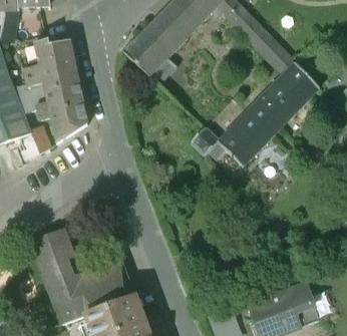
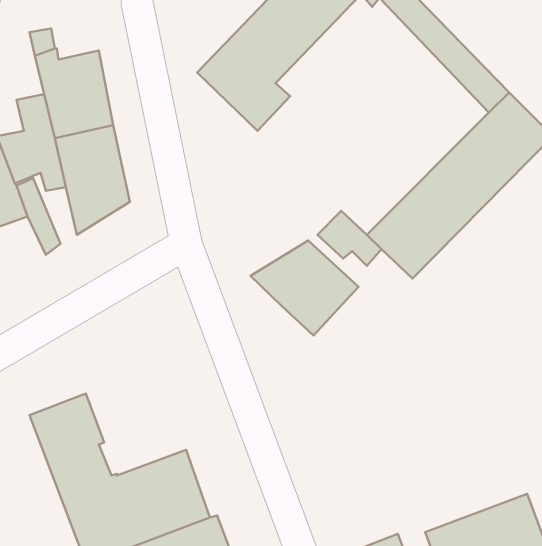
building: none -> [250,240,359,336]

